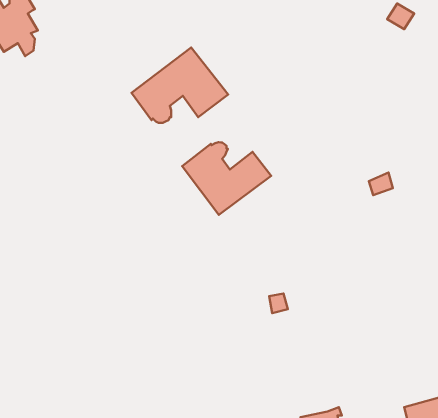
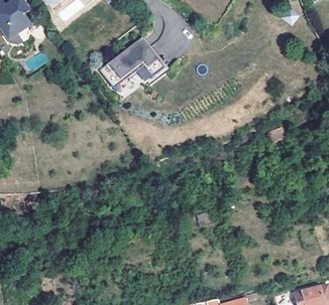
building: [182,142,271,215] -> none

